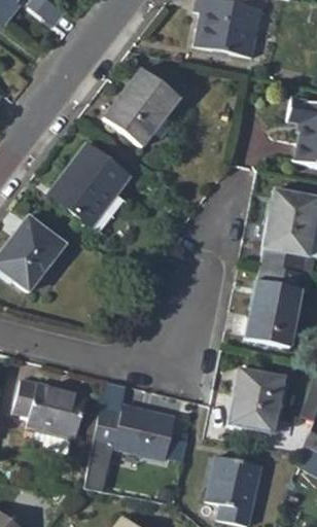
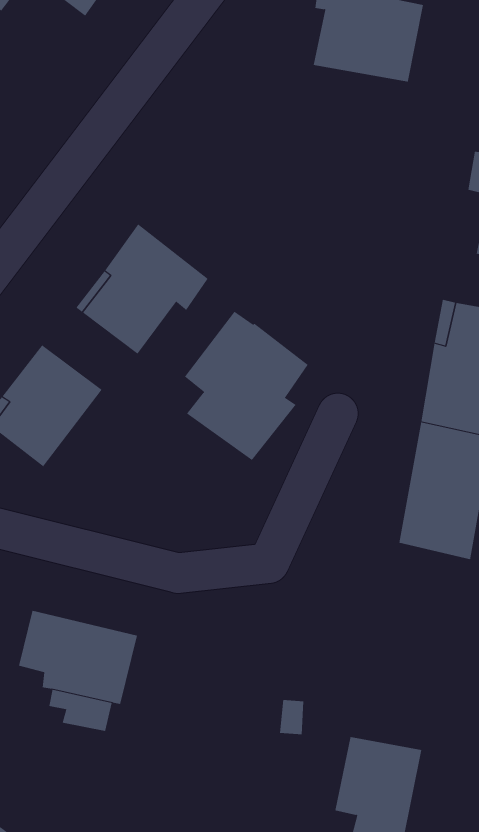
building: [102,67,179,146] -> none
building: none -> [184,311,308,461]
building: [230,368,283,431] -> none
building: [85,405,176,490] -> none

